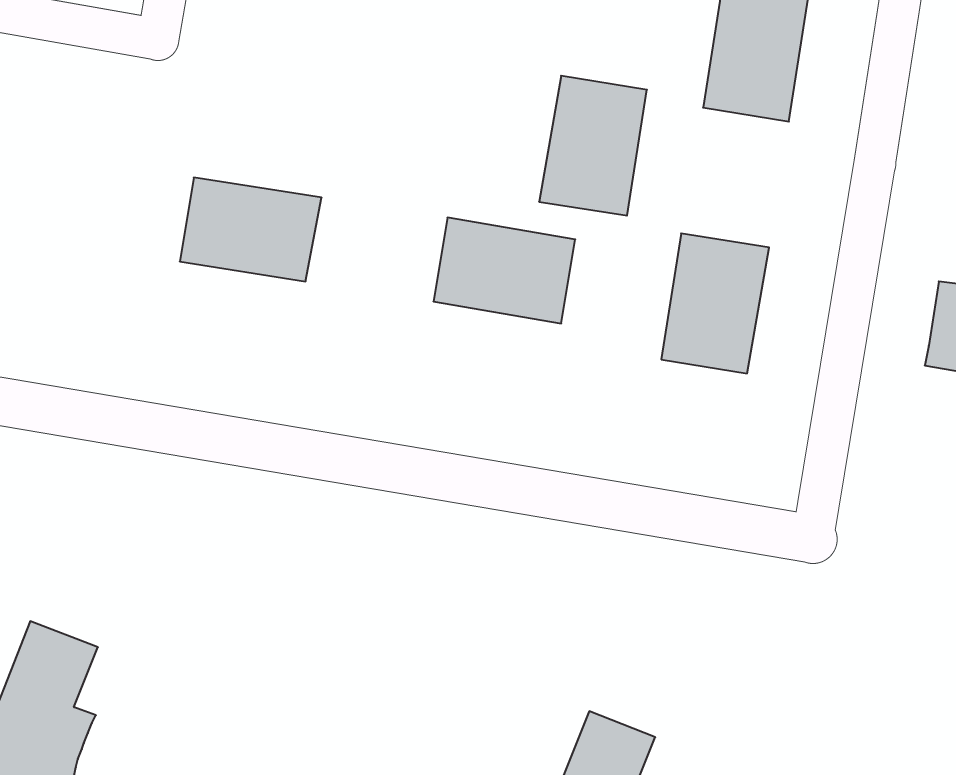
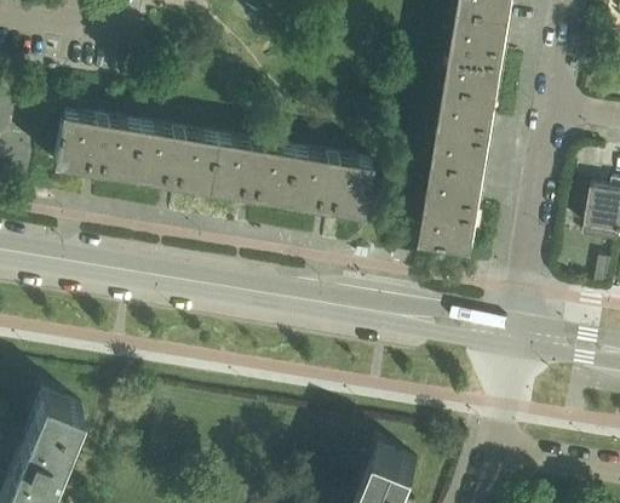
building: [539,76,647,216] -> [431,85,496,170]
building: none -> [48,114,136,178]
building: none -> [203,139,289,202]

